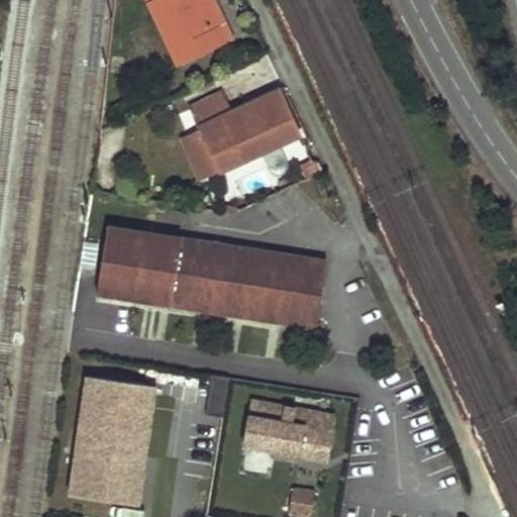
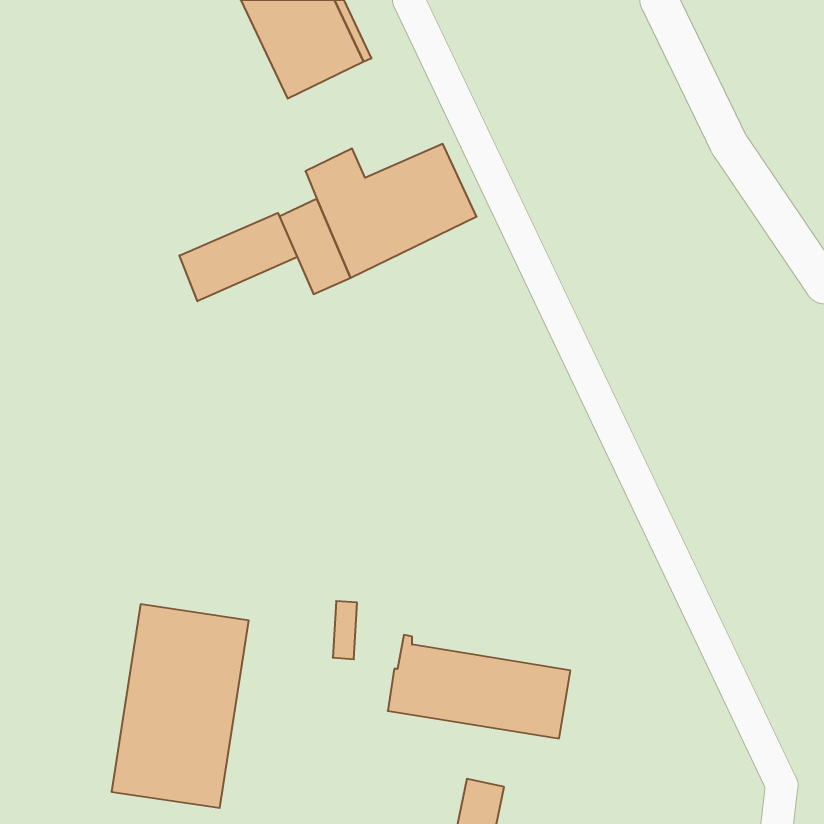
building: none -> [179,213,297,301]
building: [97,226,326,327] -> none

